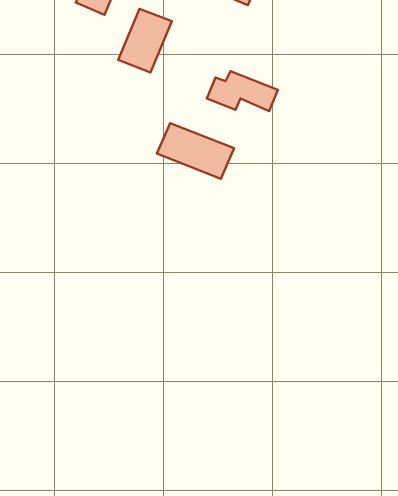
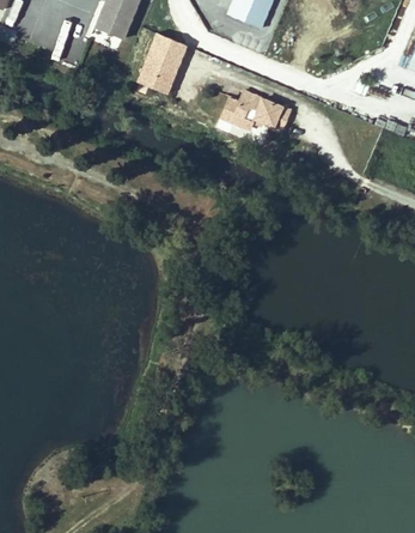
building: [157,123,234,179] -> none

